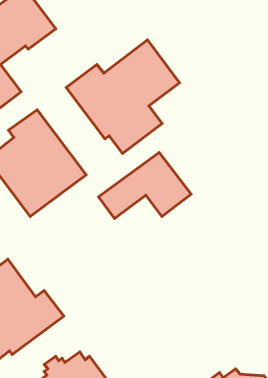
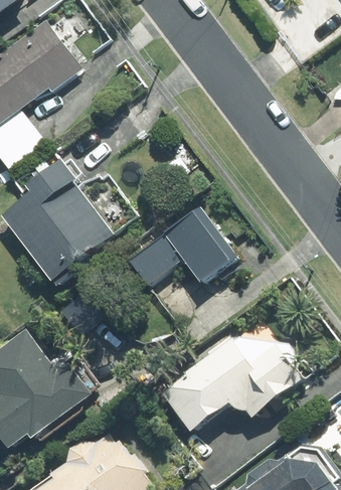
building: [66,40,180,154] -> none
building: none -> [160,337,302,432]

